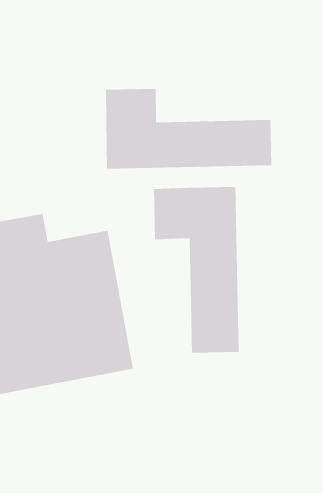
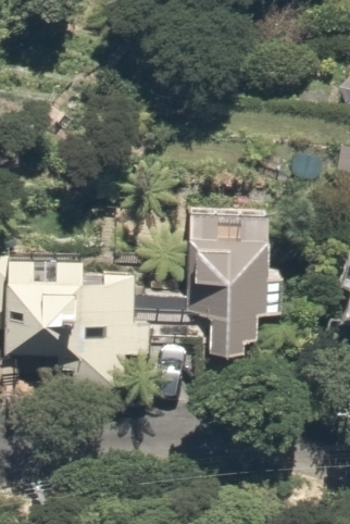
building: [105,88,272,170] -> none

